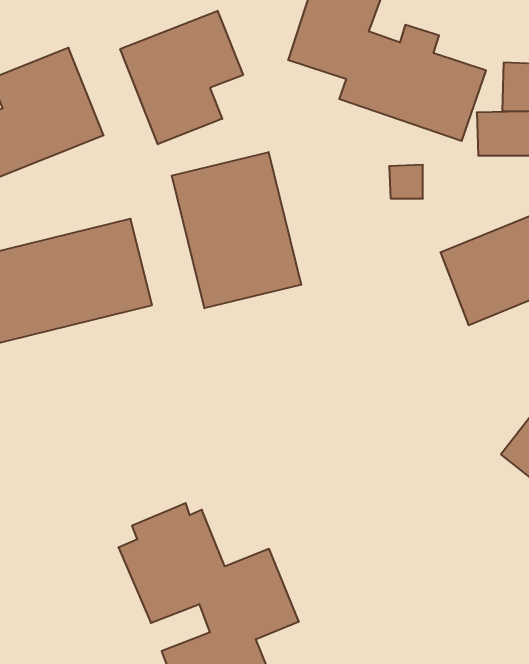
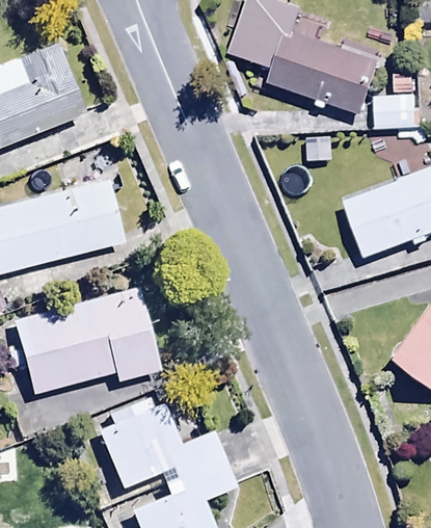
building: [120,11,243,144] -> none
building: [172,152,301,308] -> none
building: none -> [12,287,161,394]

